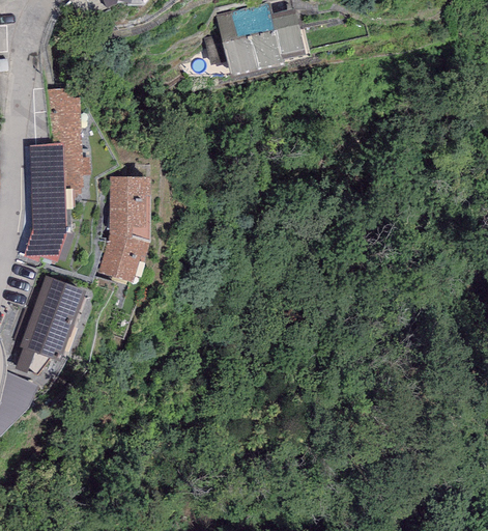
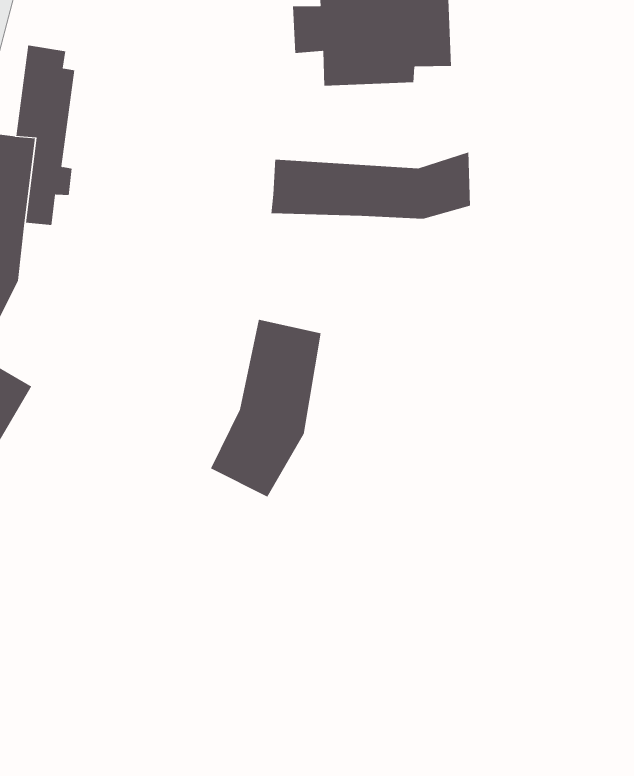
building: none -> [271,152,471,219]
building: [97,177,150,283] -> [210,319,321,497]

